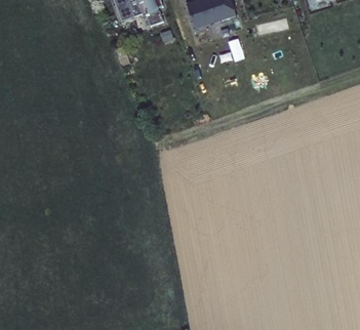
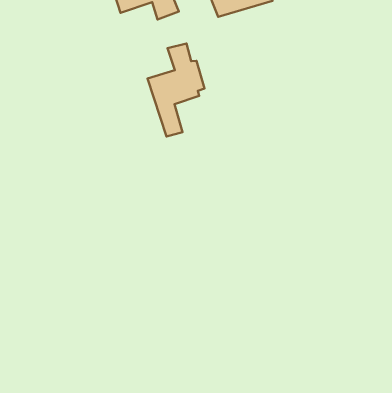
building: none -> [148,43,205,137]

